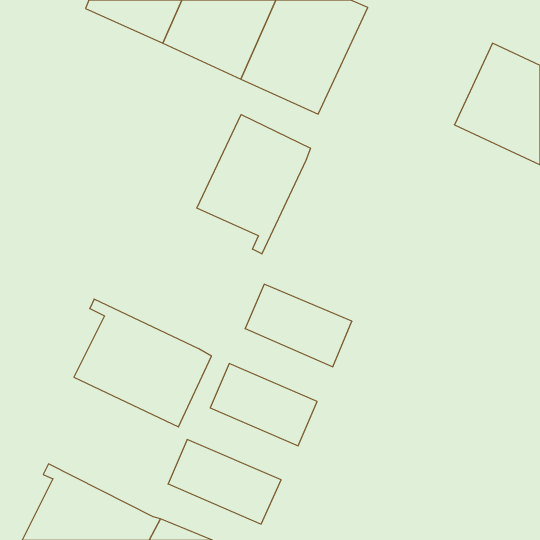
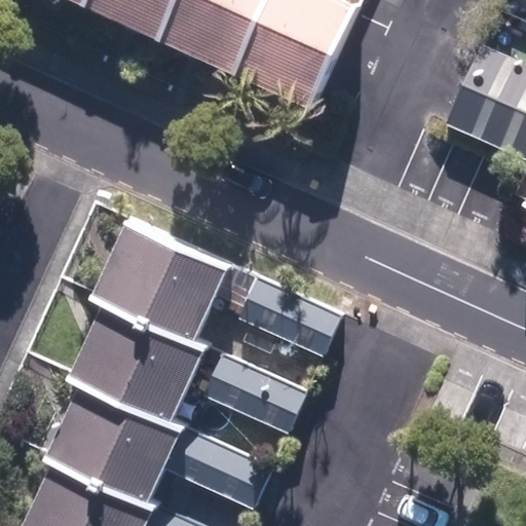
building: [197,115,310,254] -> none
building: none -> [91,218,228,339]
building: none -> [47,367,182,502]

